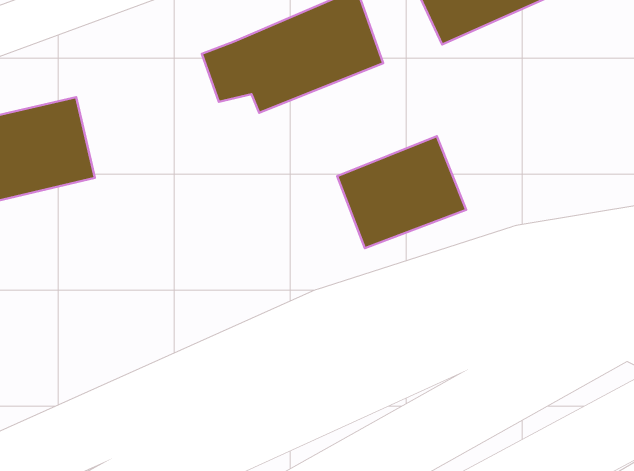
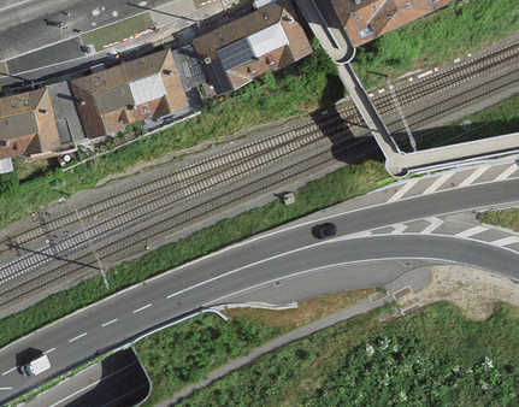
building: none -> [71,48,190,144]
building: [337,136,466,248] -> none

